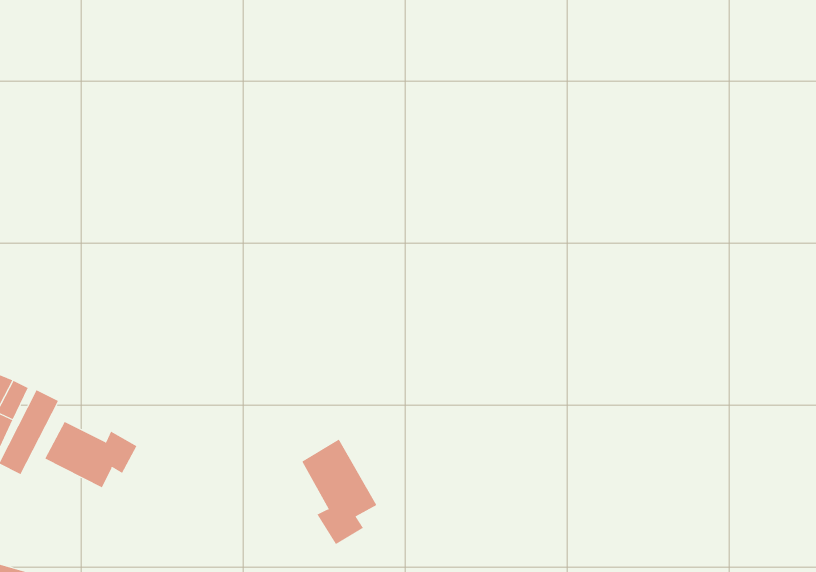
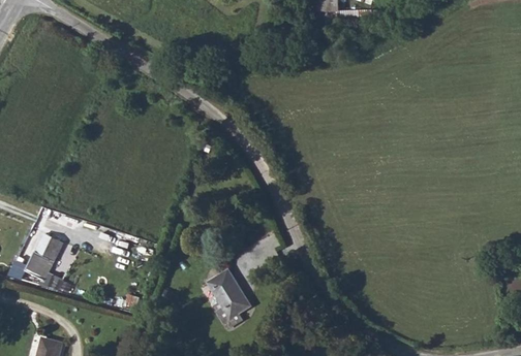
building: [45,421,137,488] -> none

